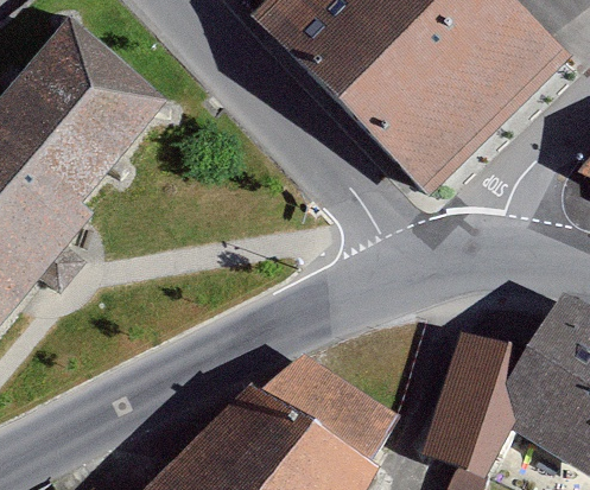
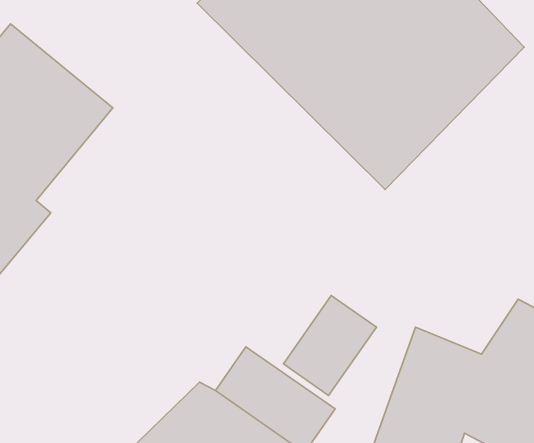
building: none -> [283,296,376,396]

